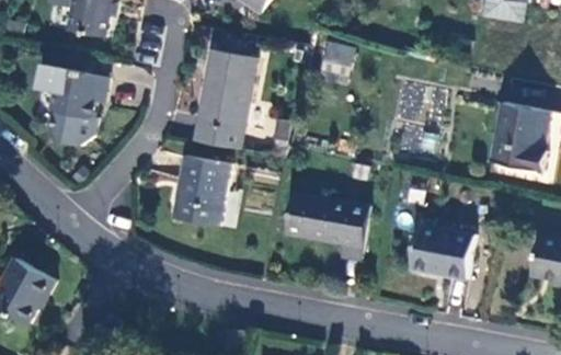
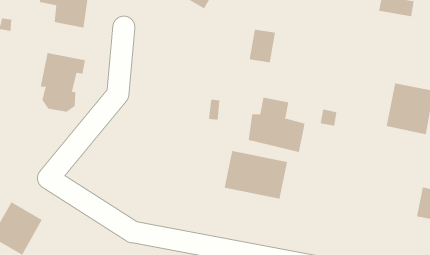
building: [191,48,255,146] -> none
building: none -> [248,97,305,153]
building: [174,158,232,225] -> none
building: [414,218,474,277] -> none

